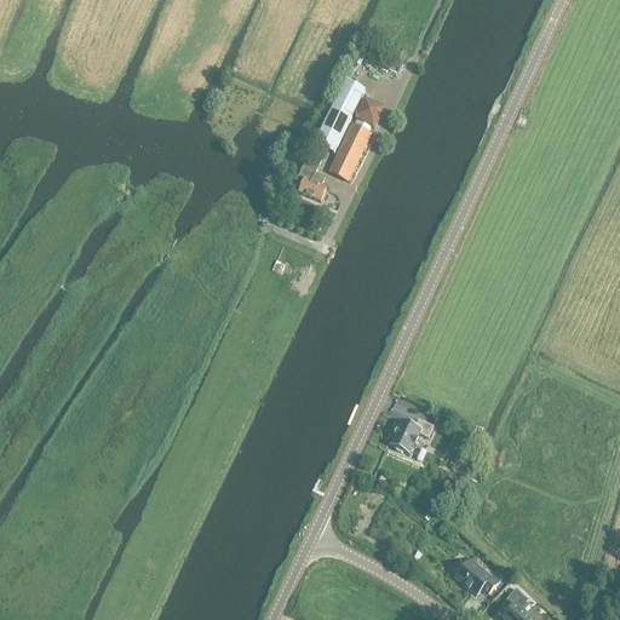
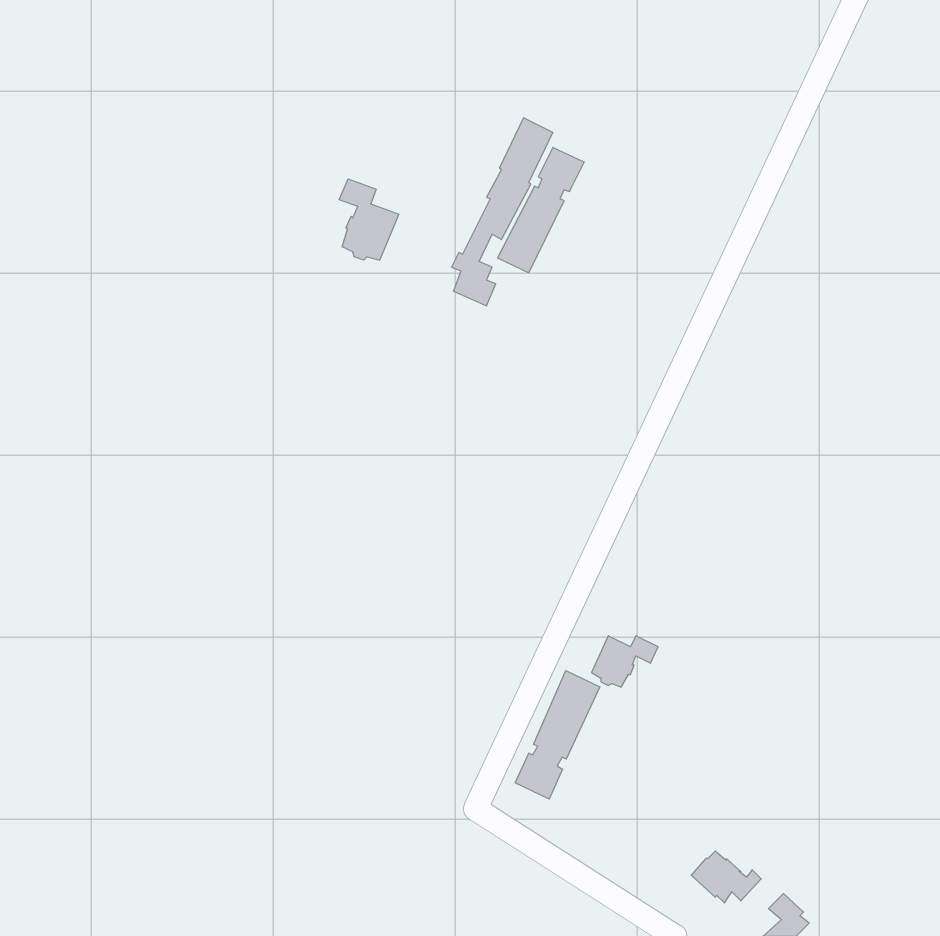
building: none -> [339,179,399,260]
building: none -> [515,671,600,799]

